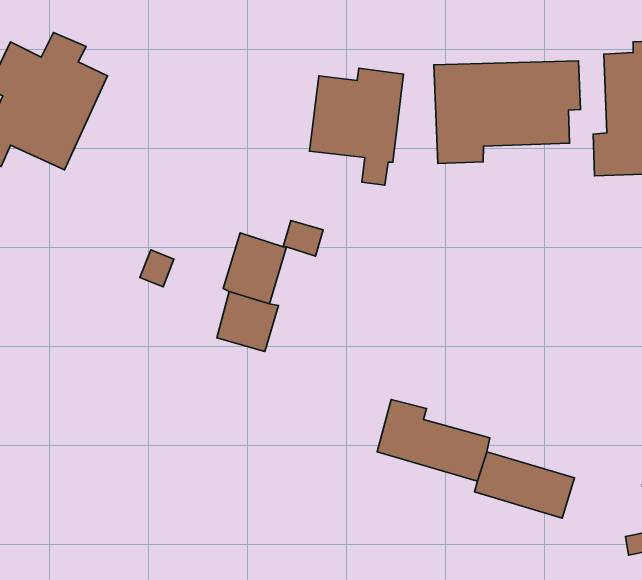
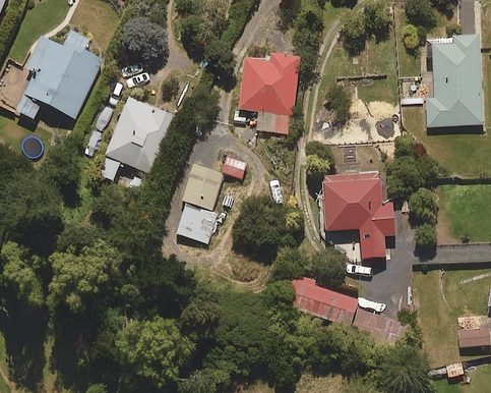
building: [434,61,580,164] -> none
building: none -> [97,94,176,181]
building: none -> [321,174,386,260]

